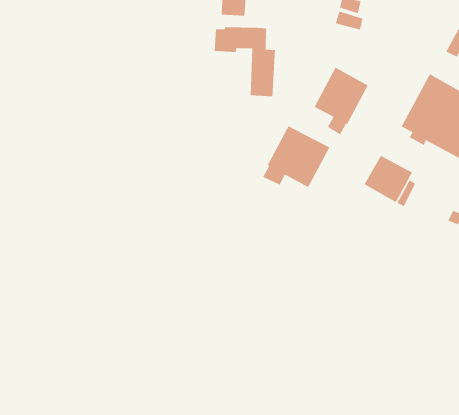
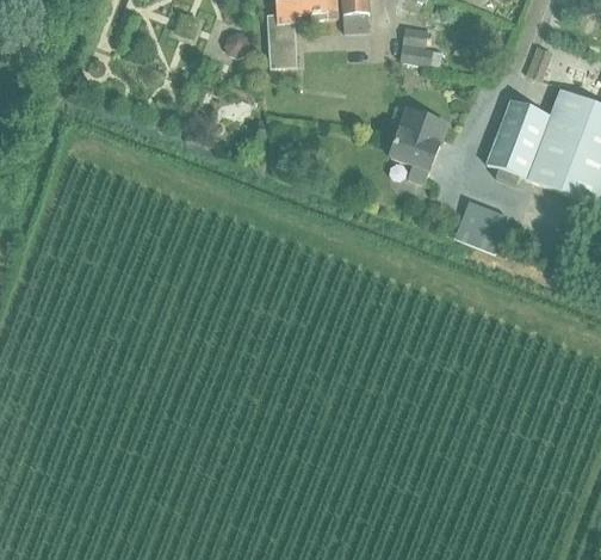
building: [214,26,276,97] -> none
building: [262,125,330,188] -> none

